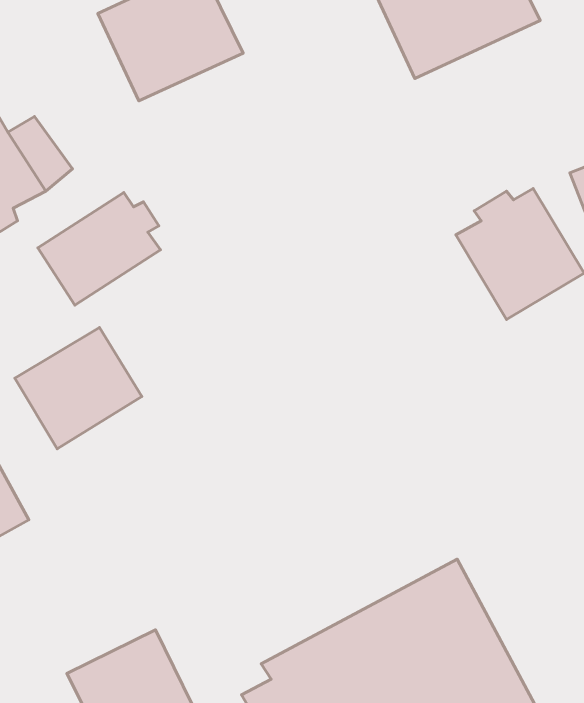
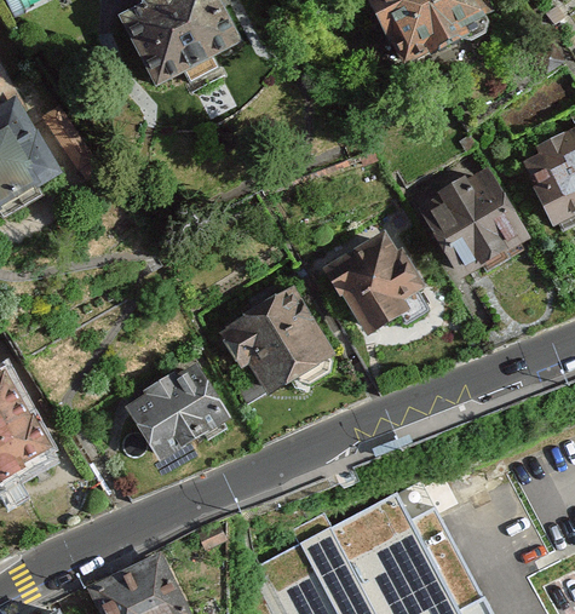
building: [38,193,161,305] -> none
building: none -> [318,228,422,339]
building: none -> [219,285,339,403]
building: [15,327,142,449] -> [123,357,232,461]

